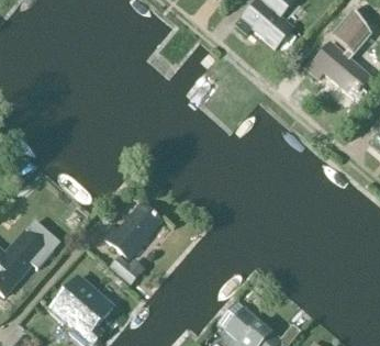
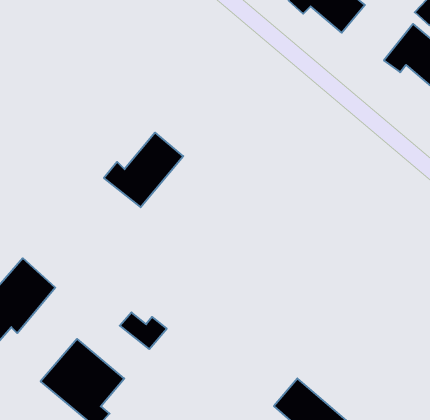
building: [102,202,161,258] -> [104,133,183,207]

